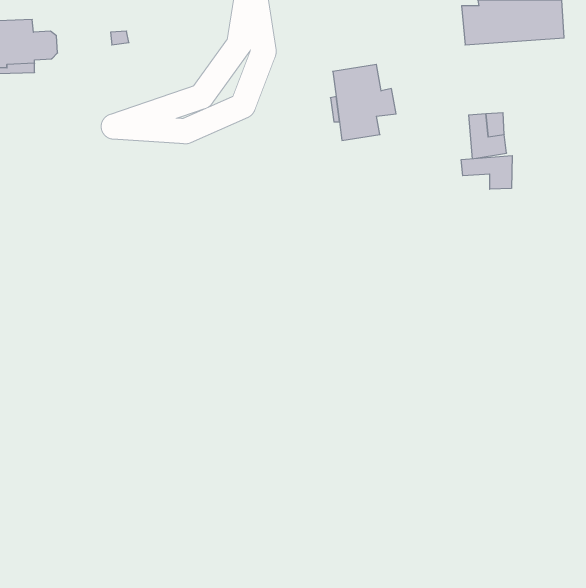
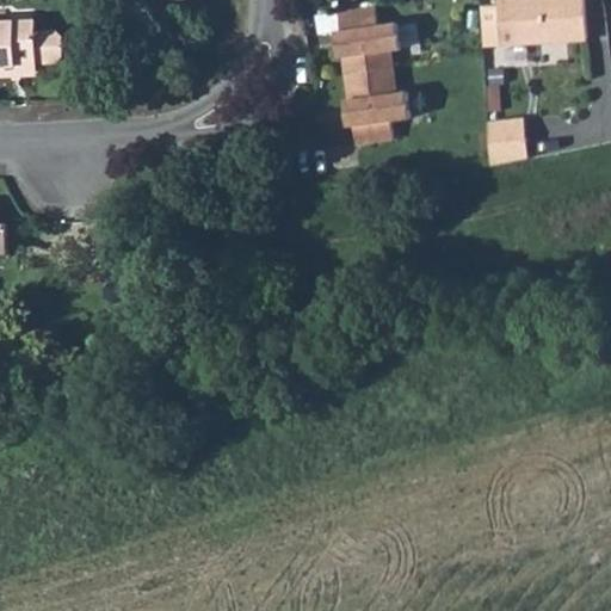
building: none -> [337,7,401,74]
building: [461,156,512,189] -> none

